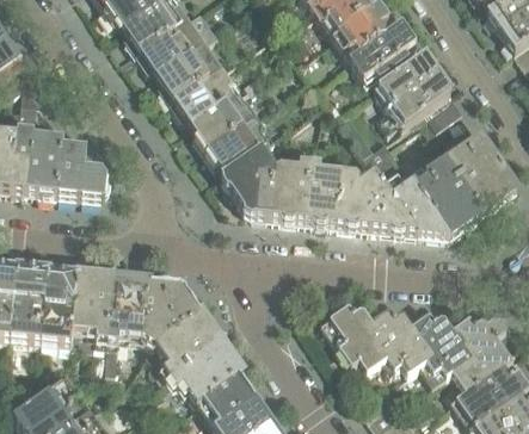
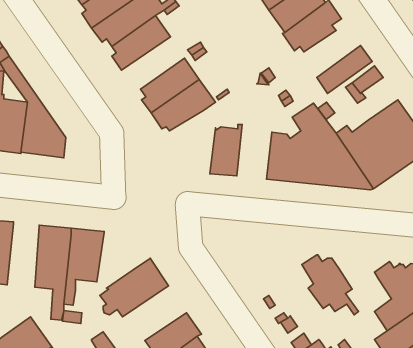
building: [373,54,436,110] -> none
building: [168,64,239,123] -> none
building: [219,147,273,217] -> none
building: [297,162,337,223] -> none
building: [41,273,76,345] -> none
building: [141,283,199,345] -> none
building: [320,303,394,371] -> none
building: [412,311,470,374] -> none
building: [170,342,241,403] -> none

